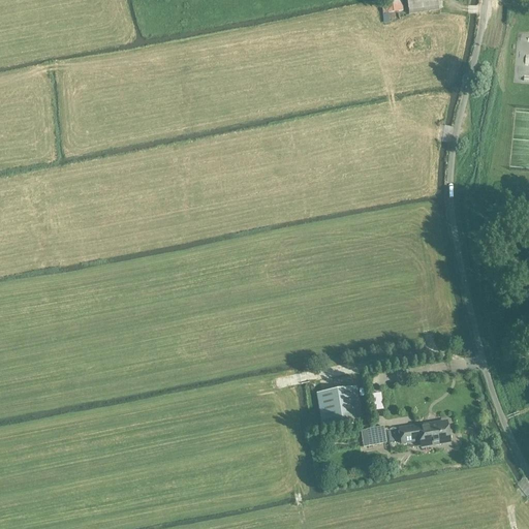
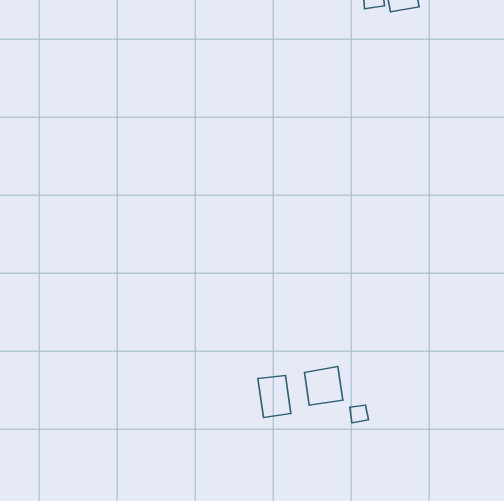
building: none -> [258,375,291,418]
building: [398,419,448,441] -> none

